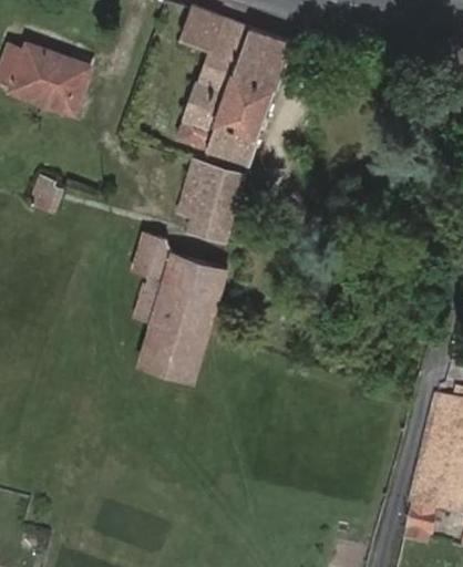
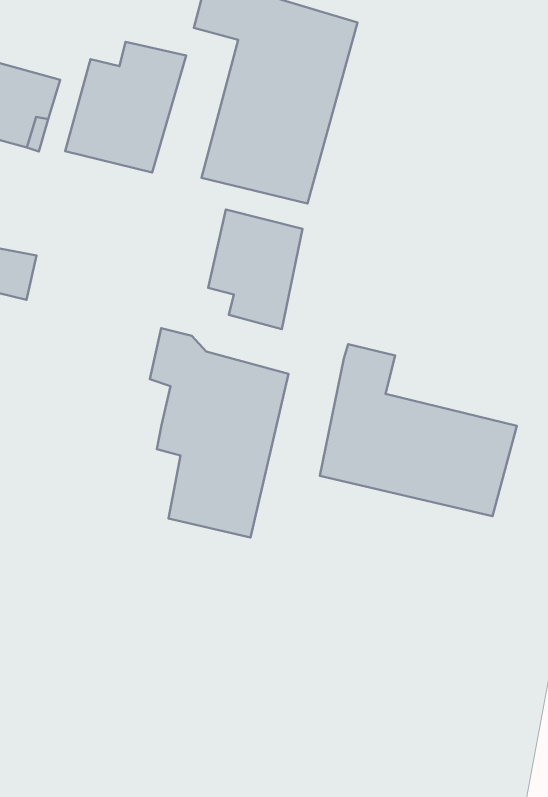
building: none -> [65,42,186,173]
building: none -> [320,344,517,516]

